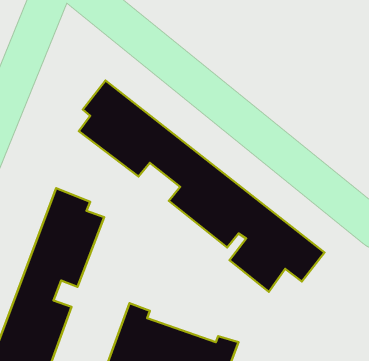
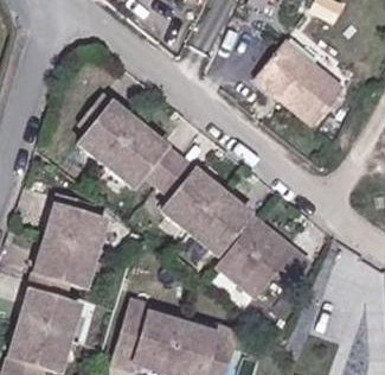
building: none -> [257,38,346,121]

